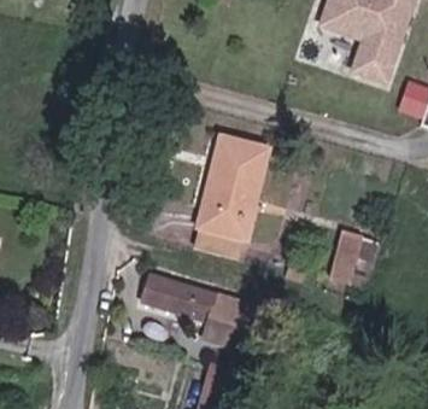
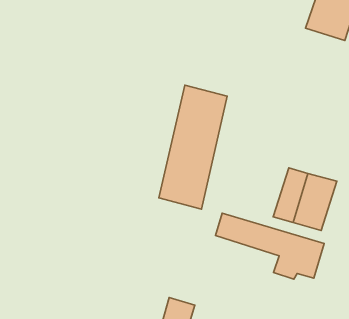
building: [133,273,250,344] -> [215,213,324,279]

